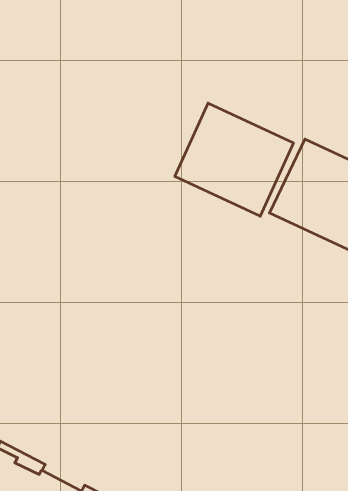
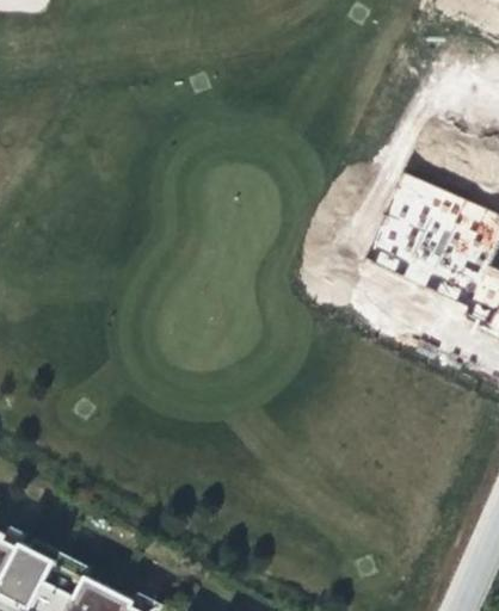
building: [175,103,293,216] -> none

